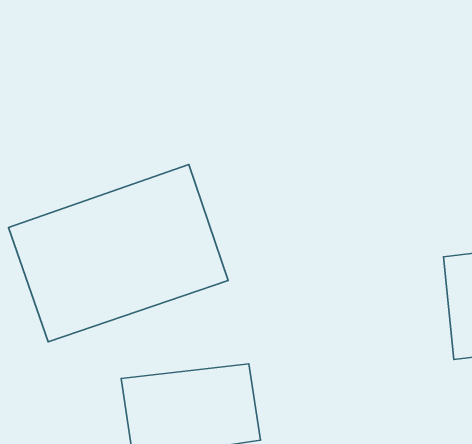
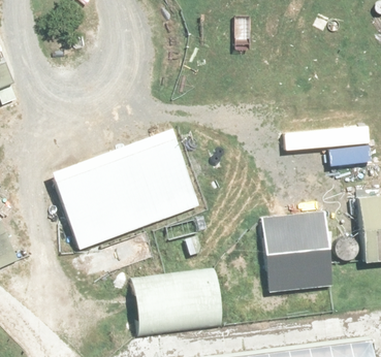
building: none -> [249,214,325,293]

